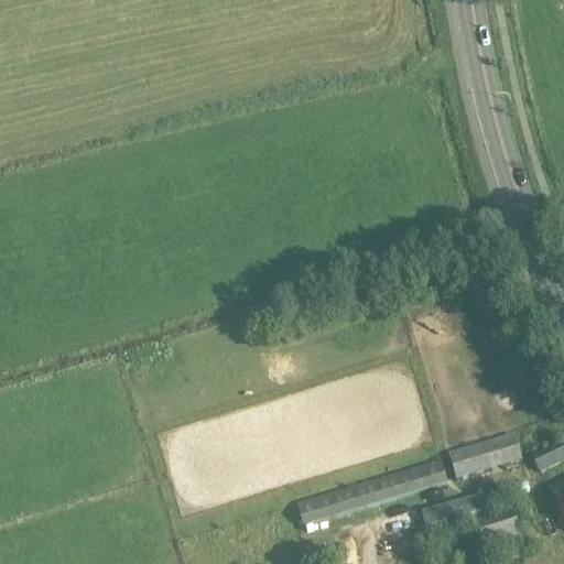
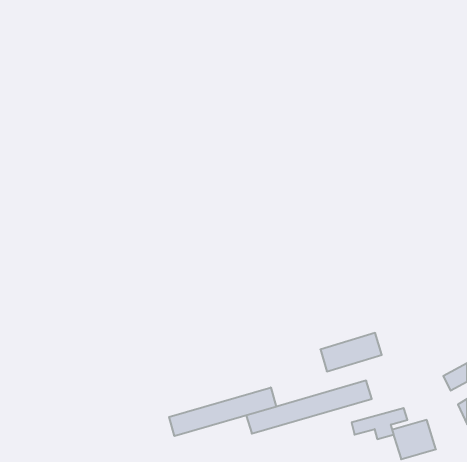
building: [448,432,522,478] -> [320,333,382,371]
building: none -> [169,387,276,436]

